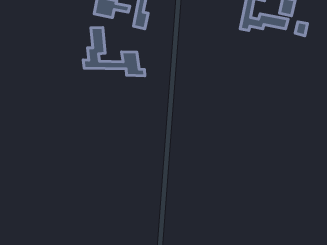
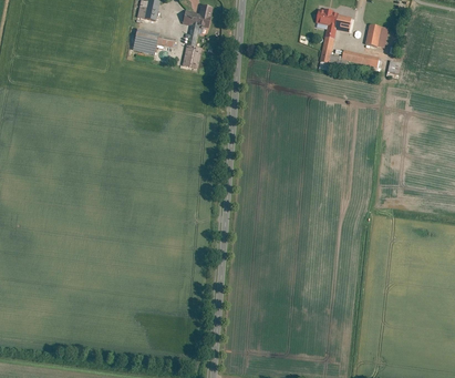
building: [83,27,145,76] -> none

